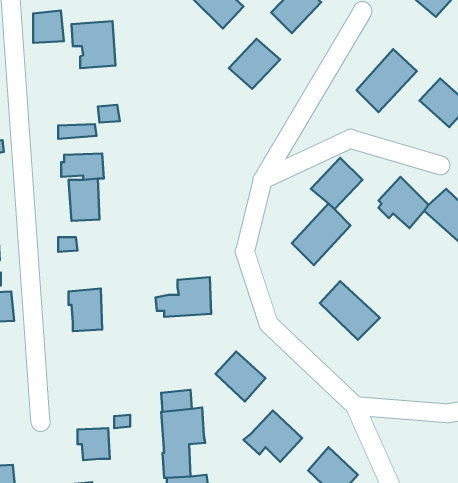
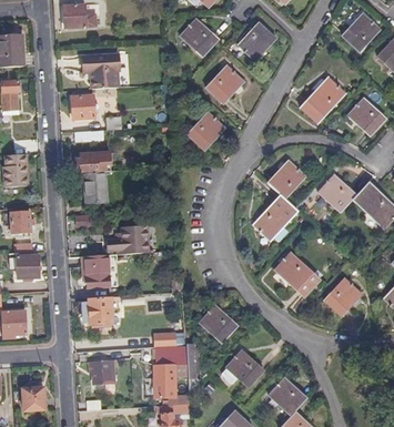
building: [33,10,64,43] -> [72,95,95,120]
building: none -> [186,113,224,151]
building: [155,277,211,317] -> [105,225,148,255]
building: none -> [322,275,360,313]
building: none -> [81,298,111,325]

